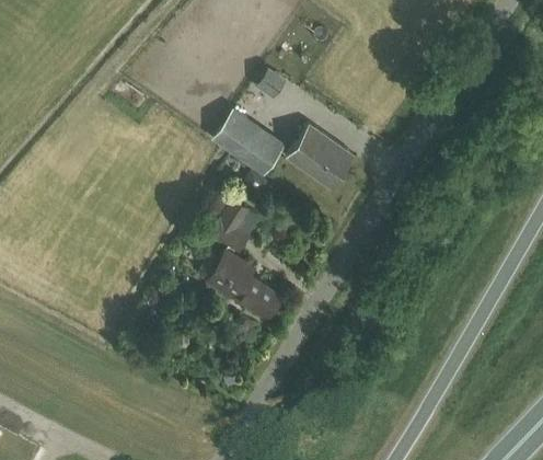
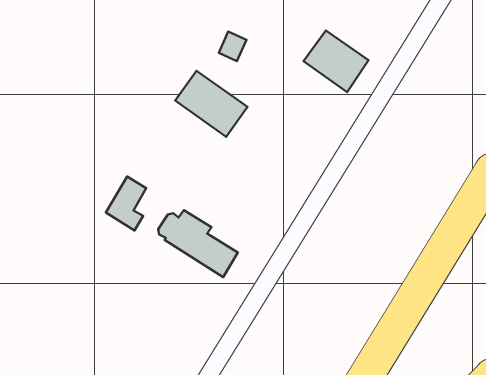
building: [286,126,353,189] -> [304,30,368,92]
building: [211,197,253,253] -> [106,176,146,231]

